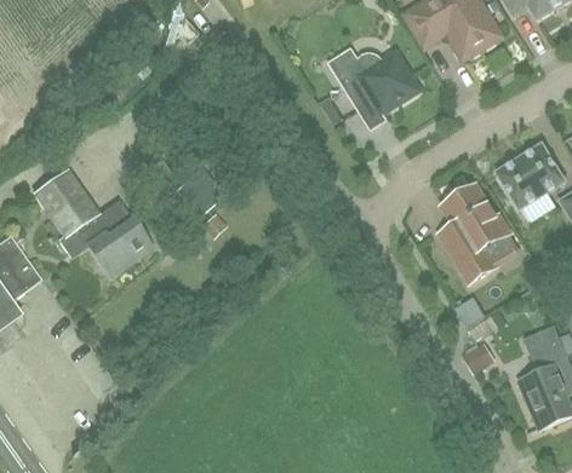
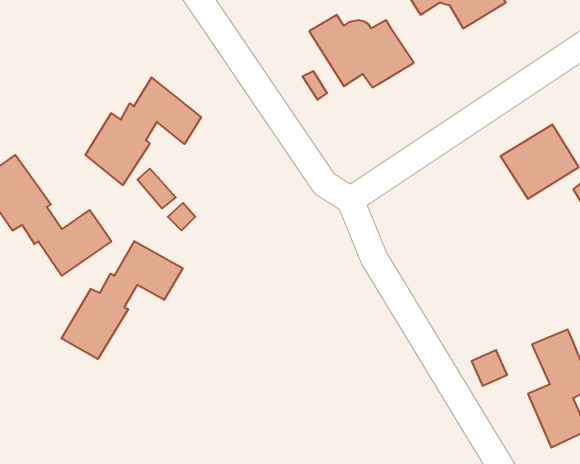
building: none -> [85,77,201,185]
building: [439,185,519,282] -> none
building: none -> [62,241,183,359]

